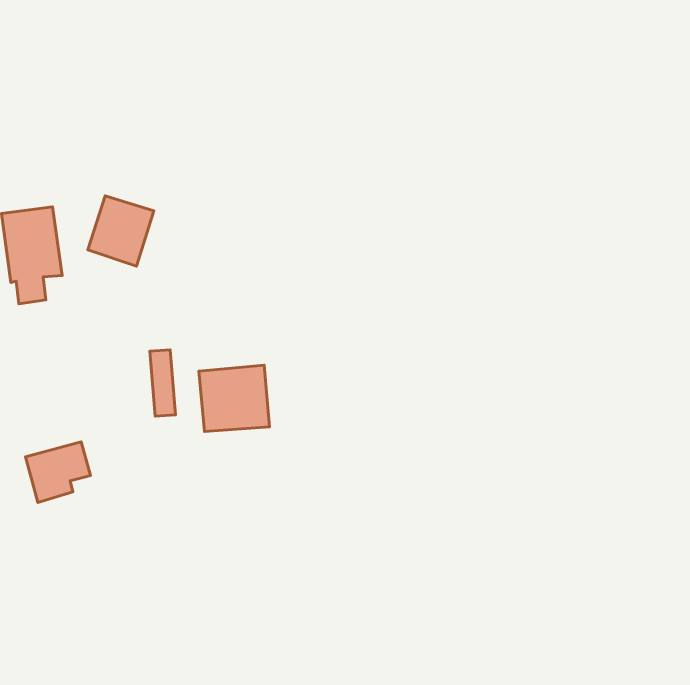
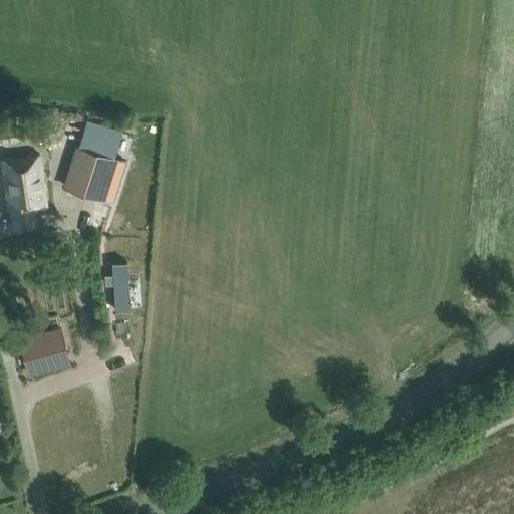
building: none -> [78,123,122,161]
building: [199,365,269,432] -> none

